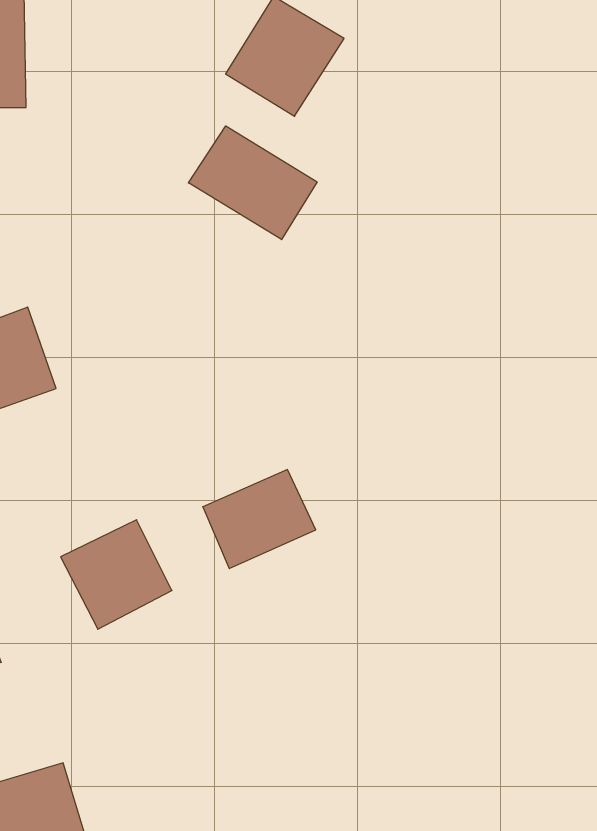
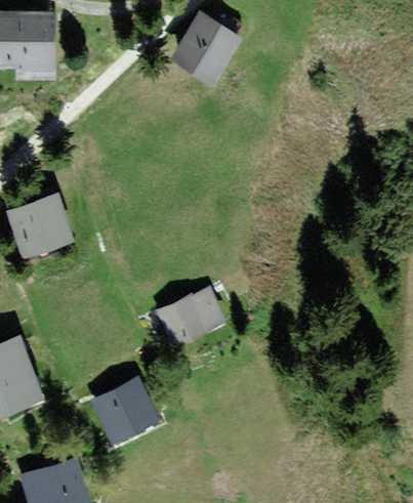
building: [188,126,317,240] -> none
building: [61,520,172,629] -> [92,379,157,443]

